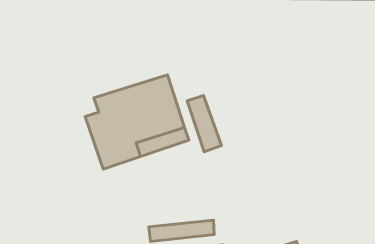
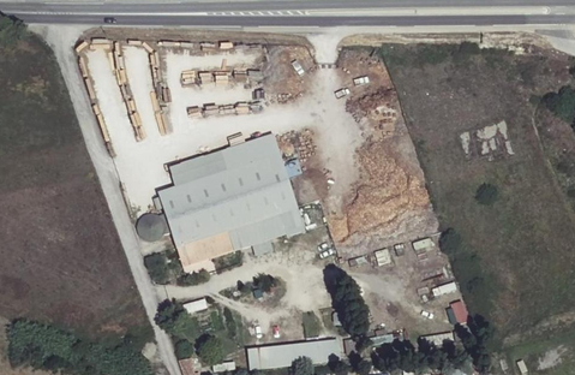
building: [187,95,221,152] -> none

